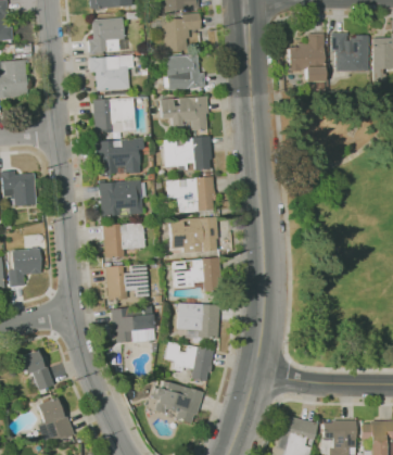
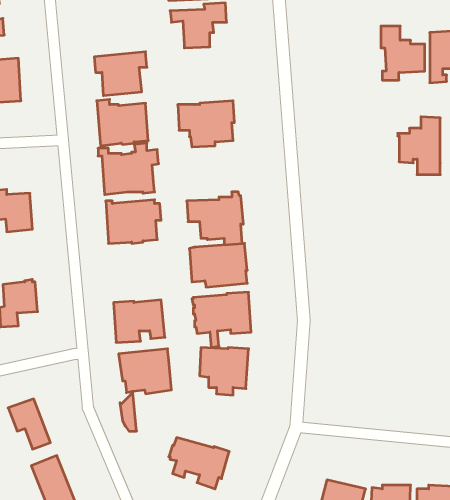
building: [88,17,126,53] -> none
building: [289,33,325,81] -> [398,117,440,175]
building: [167,54,205,88] -> none
building: [164,135,212,172] -> none
building: [102,223,143,258] -> none
building: [165,342,214,381] -> none

